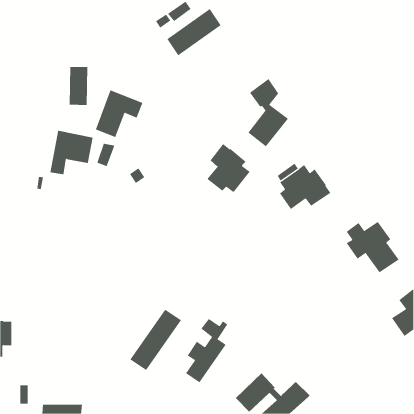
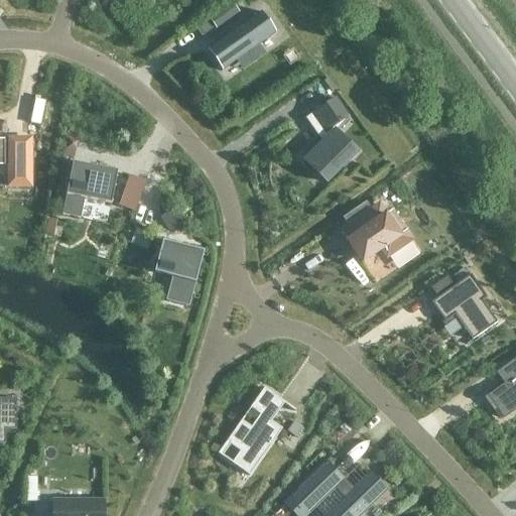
building: [69,67,88,106] -> [8,137,32,185]
building: [95,90,143,138] -> none
building: [207,143,250,193] -> none
building: none -> [153,240,203,305]
building: [129,309,182,371] -> none

